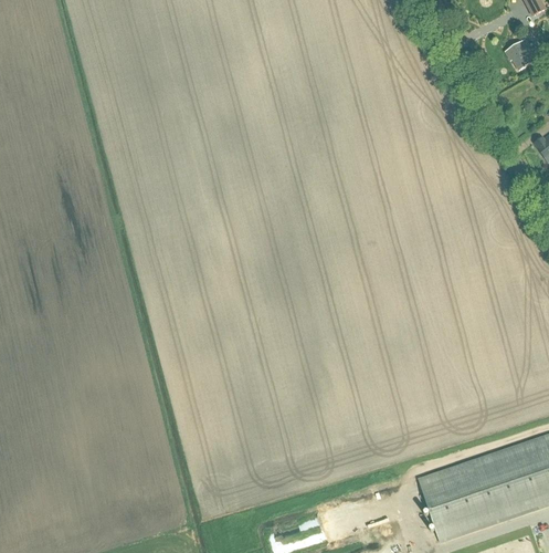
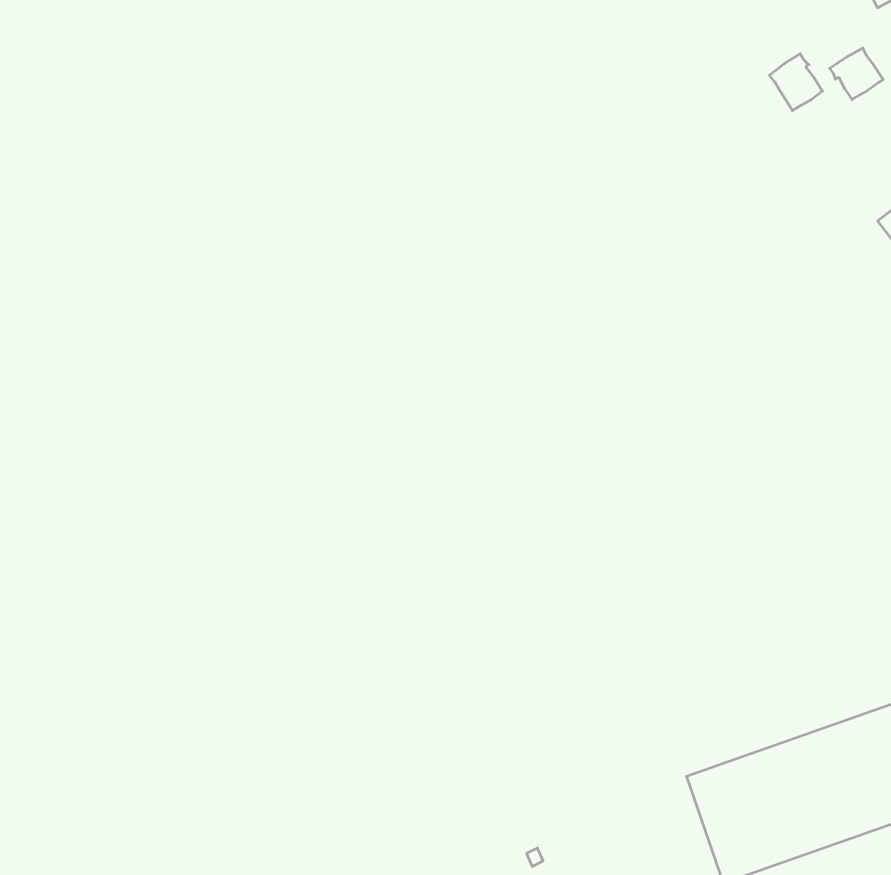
building: none -> [769,54,823,111]

